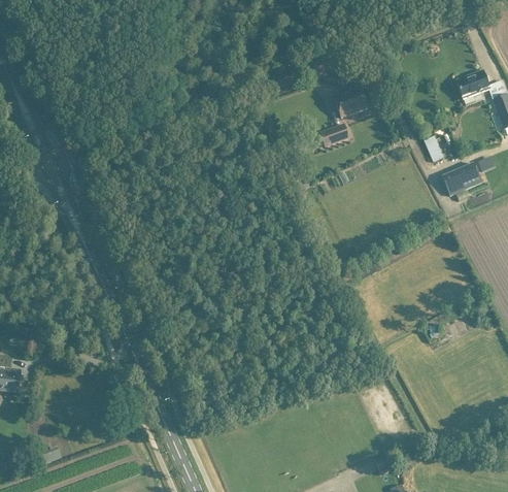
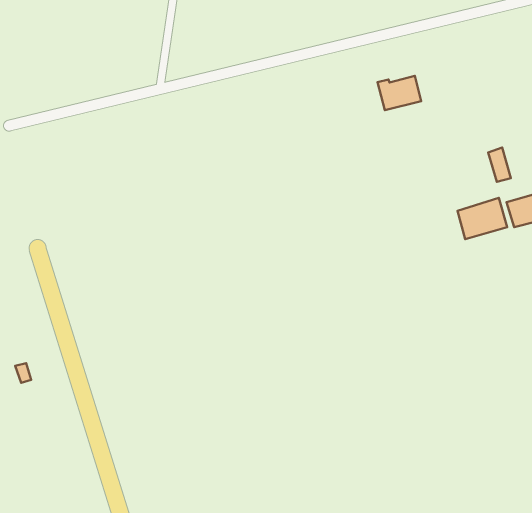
building: [320,124,349,146] -> none
building: none -> [458,198,507,239]

